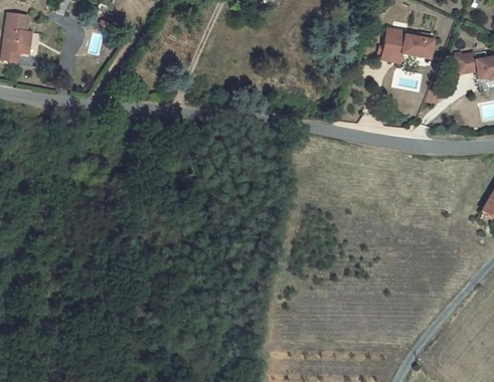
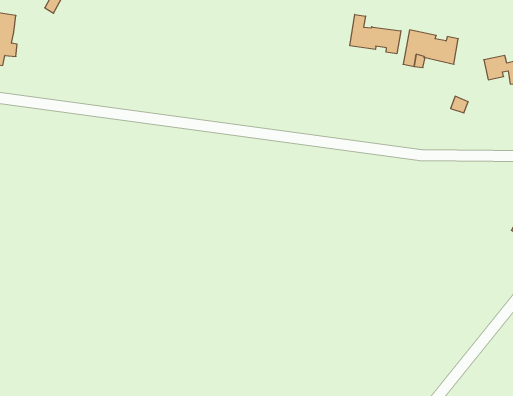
building: none -> [350,14,401,54]

